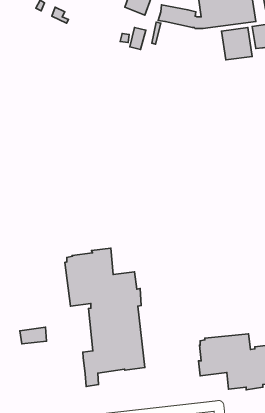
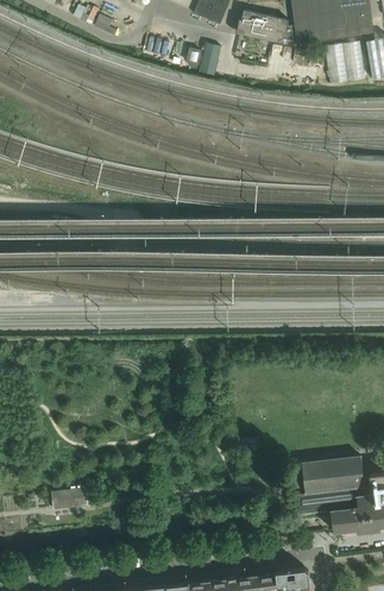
building: [65,248,145,386] -> none
building: [20,327,46,344] -> [52,489,88,511]

